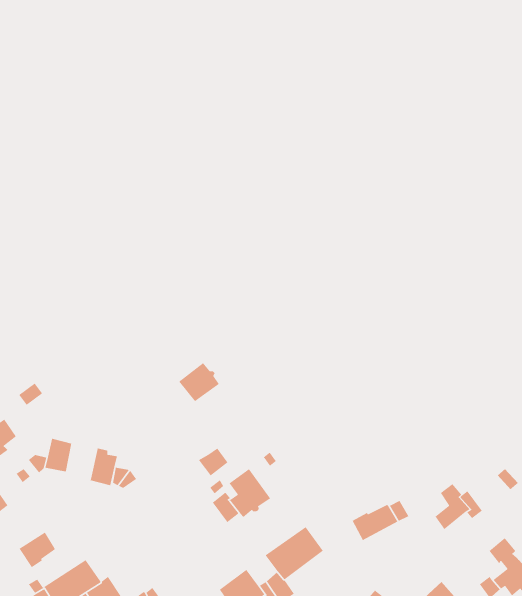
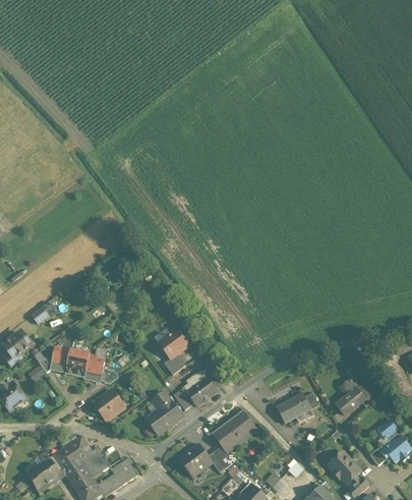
building: [178,362,220,402] -> [158,330,188,359]
building: none -> [65,351,89,378]
building: none -> [95,392,122,420]
building: none -> [146,393,181,435]
building: [19,531,56,568] -> none

